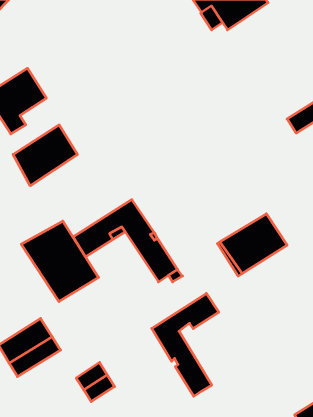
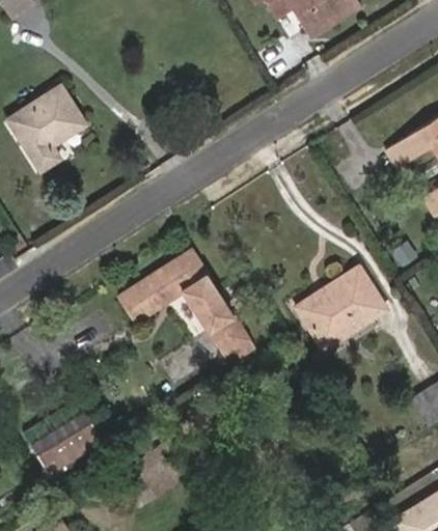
building: [13,125,77,186] -> none
building: [21,221,99,302] -> none
building: [152,293,219,396] -> none

